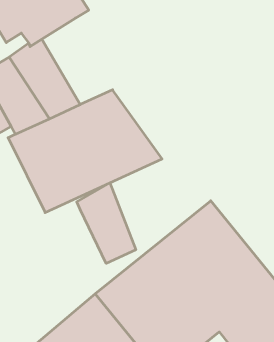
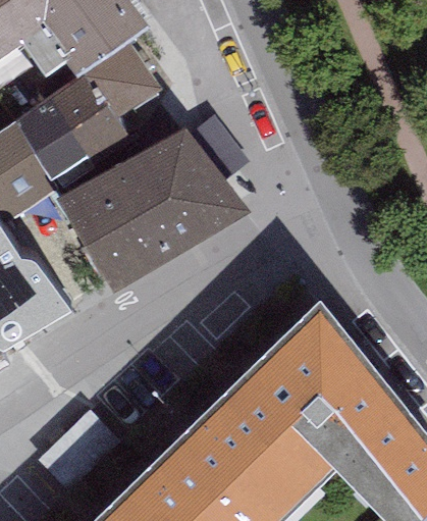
building: none -> [89,68,182,177]
building: [77,183,136,263] -> none

